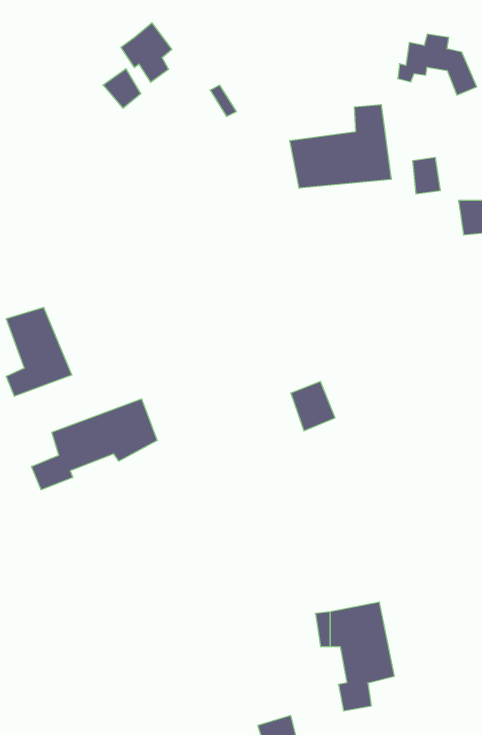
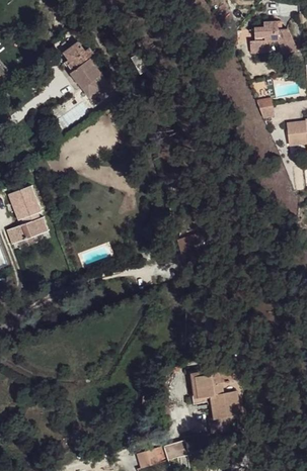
building: [121,23,172,82] -> [70,58,101,94]
building: [290,104,391,188] -> none
building: [32,399,157,490] -> none

